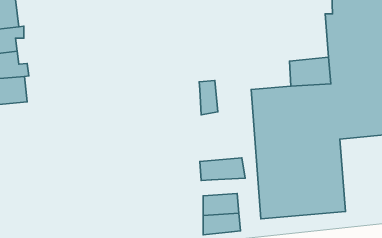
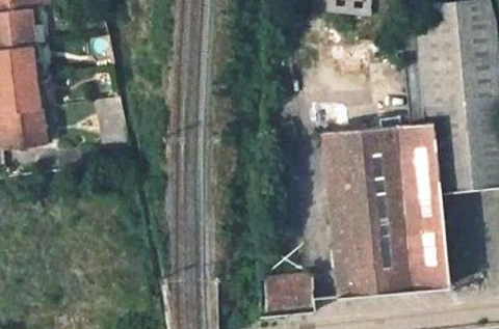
building: [199,81,218,115] -> none
building: [200,158,245,180] -> none

